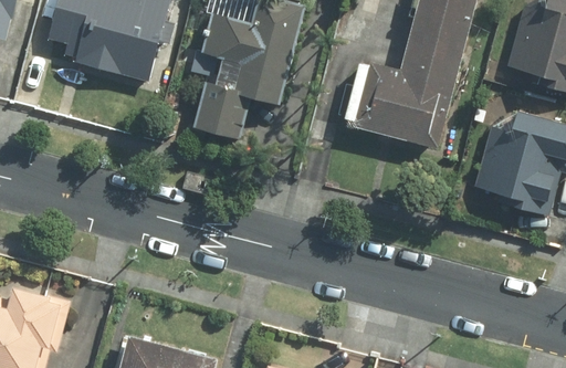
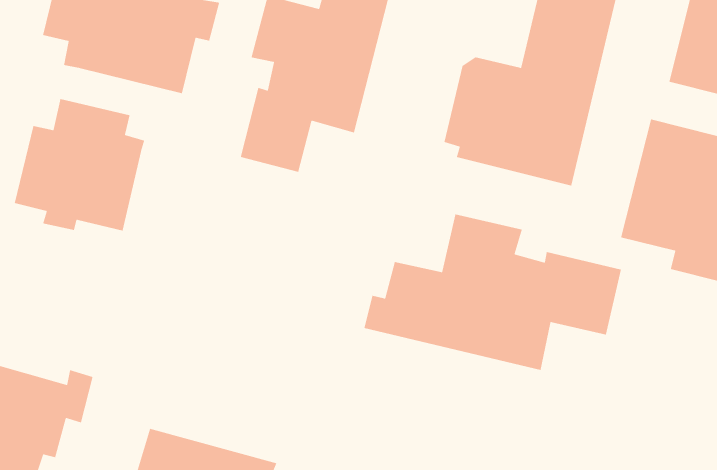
building: none -> [14,98,145,231]
building: none -> [363,213,622,371]

